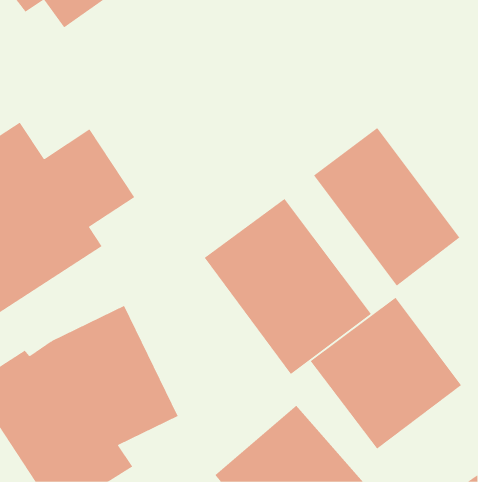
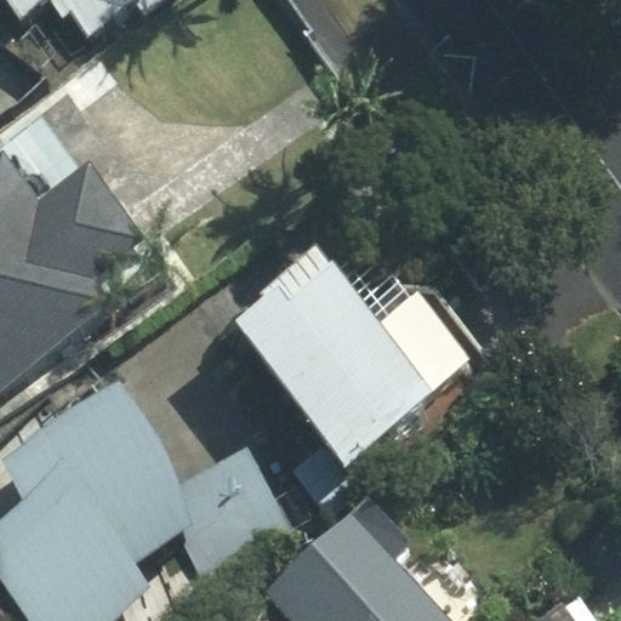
building: [313,127,460,286] -> none
building: [310,297,462,450] -> none

